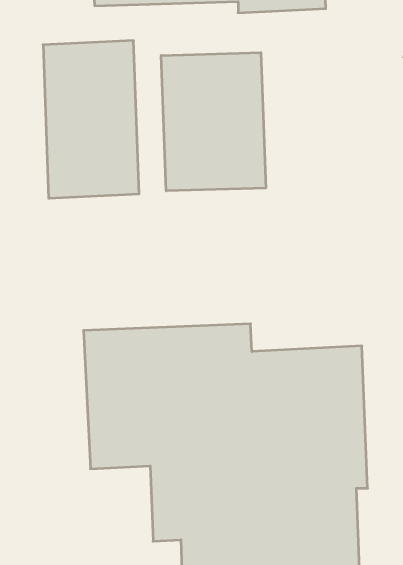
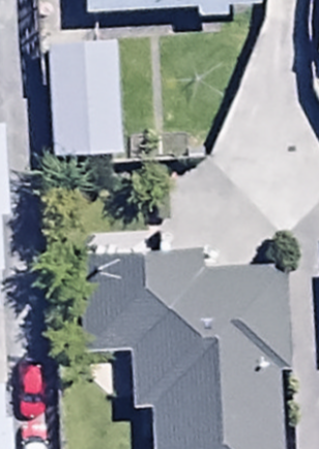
building: [161,53,266,191] -> none

